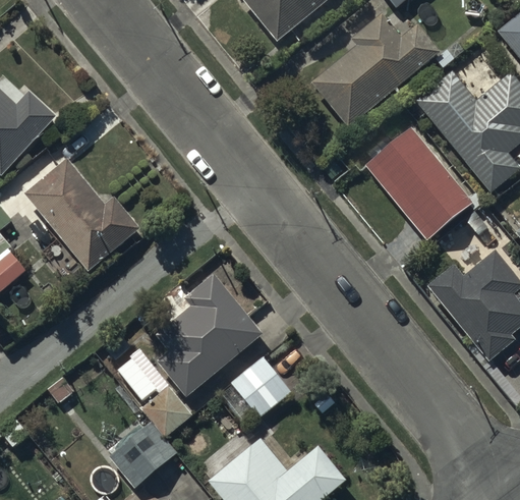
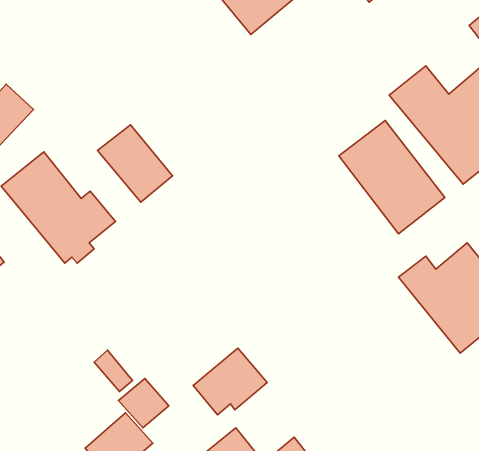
building: [309,13,439,127] -> none
building: none -> [98,125,172,202]
building: [157,274,263,398] -> none

